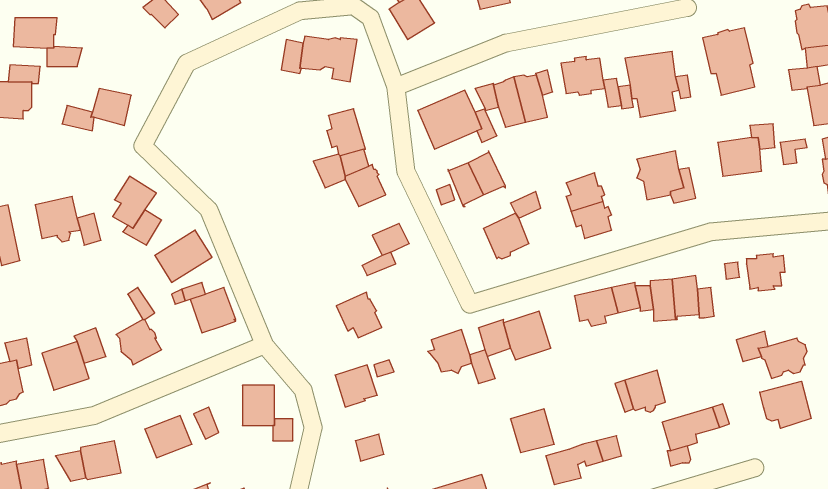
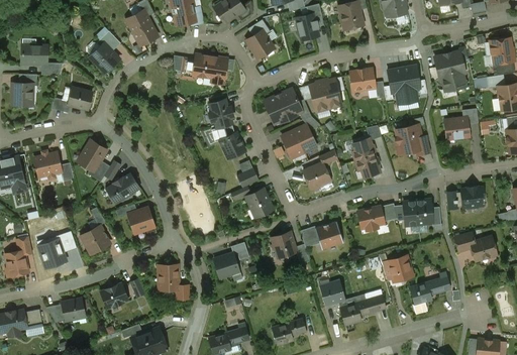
building: none -> [90,43,119,73]
building: [336,292,382,338] -> [245,189,273,216]
building: [760,381,811,428] -> none

